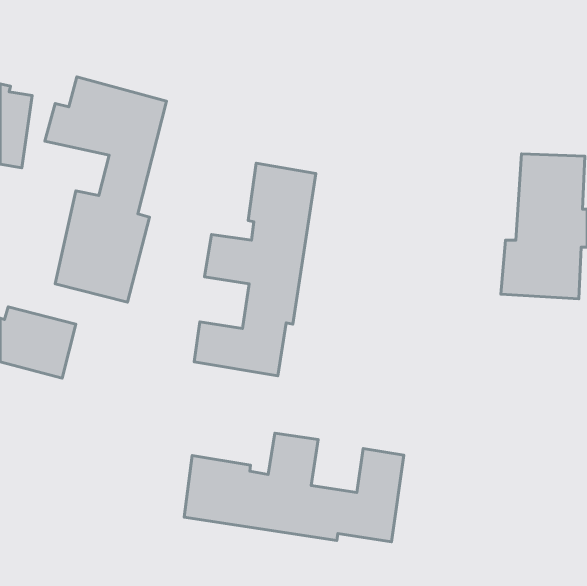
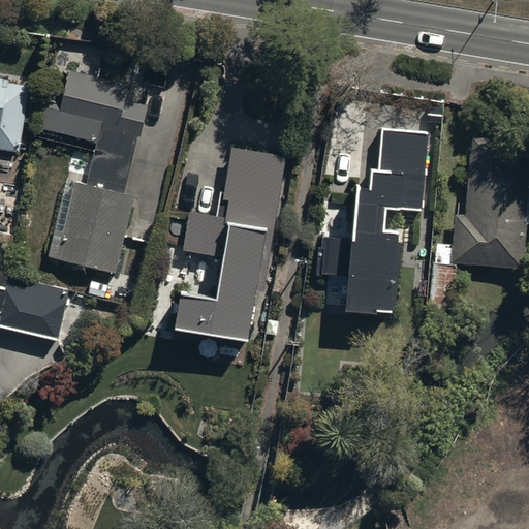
building: none -> [316,129,429,317]
building: [184,433,404,542] -> none

